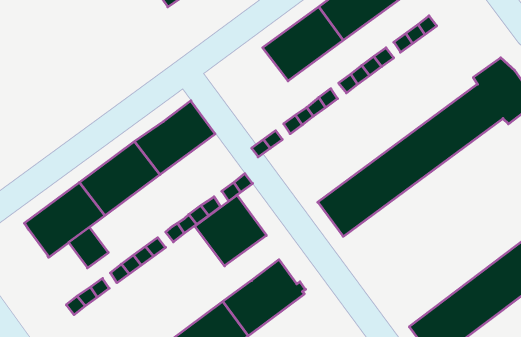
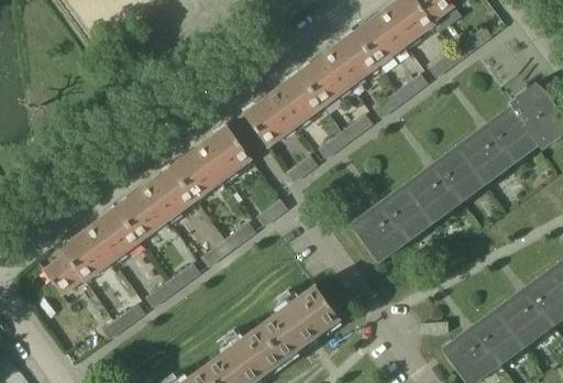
building: none -> [243,73,323,146]
building: [195,195,266,266] -> none
building: [69,227,108,268] -> [44,254,84,295]

